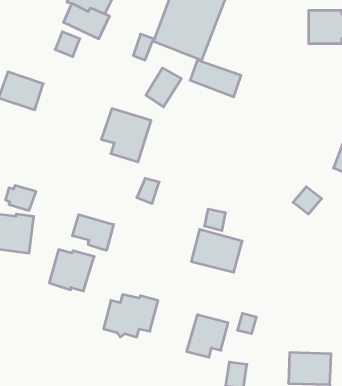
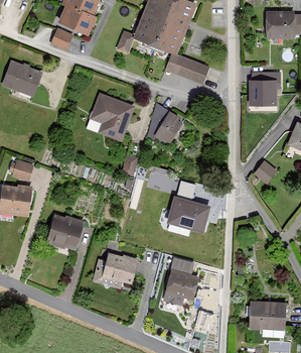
building: [146,68,181,107] -> [154,111,184,144]
building: none -> [249,79,276,105]
building: [72,215,114,250] -> none

